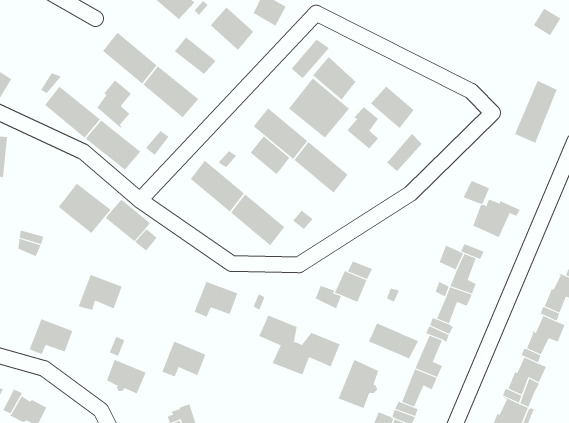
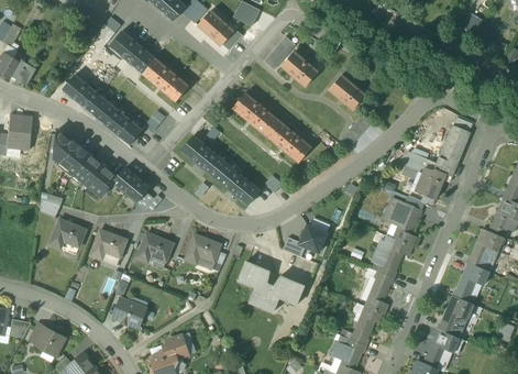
building: [174,36,217,75] -> none
building: [288,77,350,138] -> none
building: [94,80,132,128] -> none
building: [514,80,557,143] -> [434,124,470,176]
building: [343,106,380,151] -> none
building: [250,135,290,175] -> none
building: none -> [54,130,89,174]
building: [29,319,73,355] -> [49,219,86,249]
building: [368,322,419,359] -> none
building: [162,341,206,377] -> [136,232,173,262]
building: [338,359,379,409] -> none

